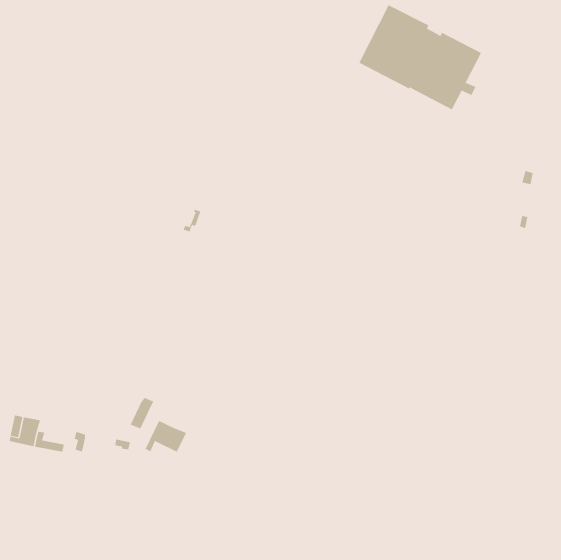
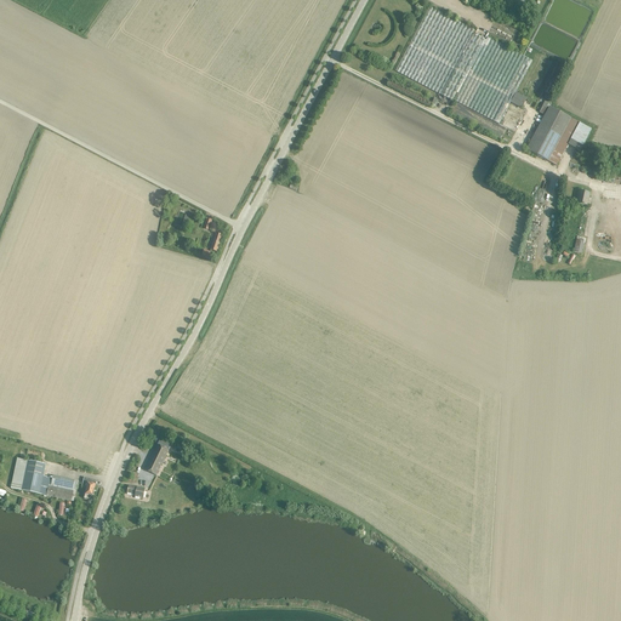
building: none -> [525,104,579,164]
building: [145,420,187,452] -> none

